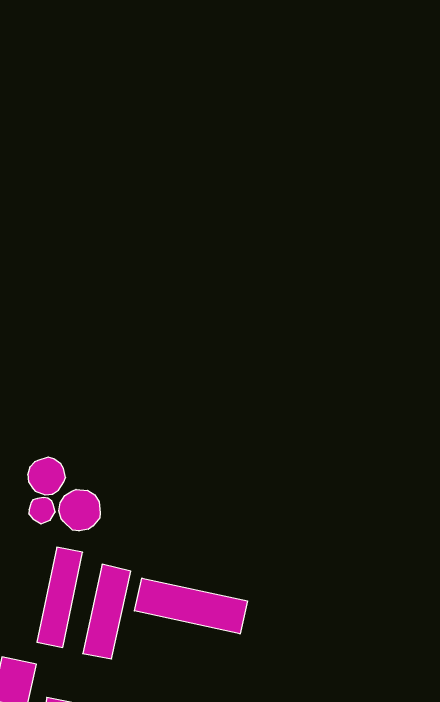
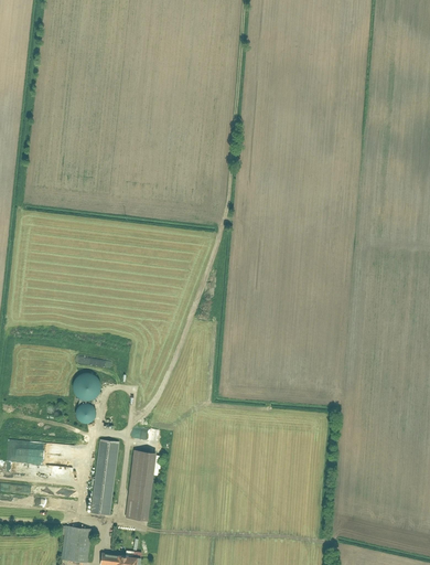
building: [59,489,100,531] -> none
building: [134,578,247,634] -> none

